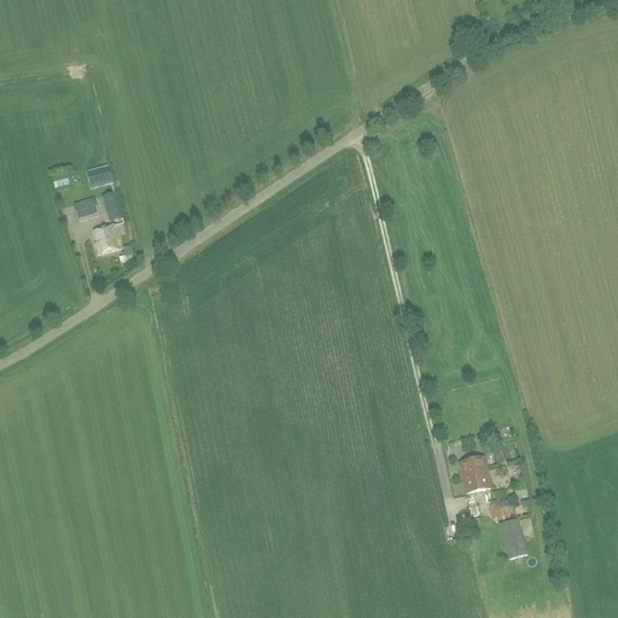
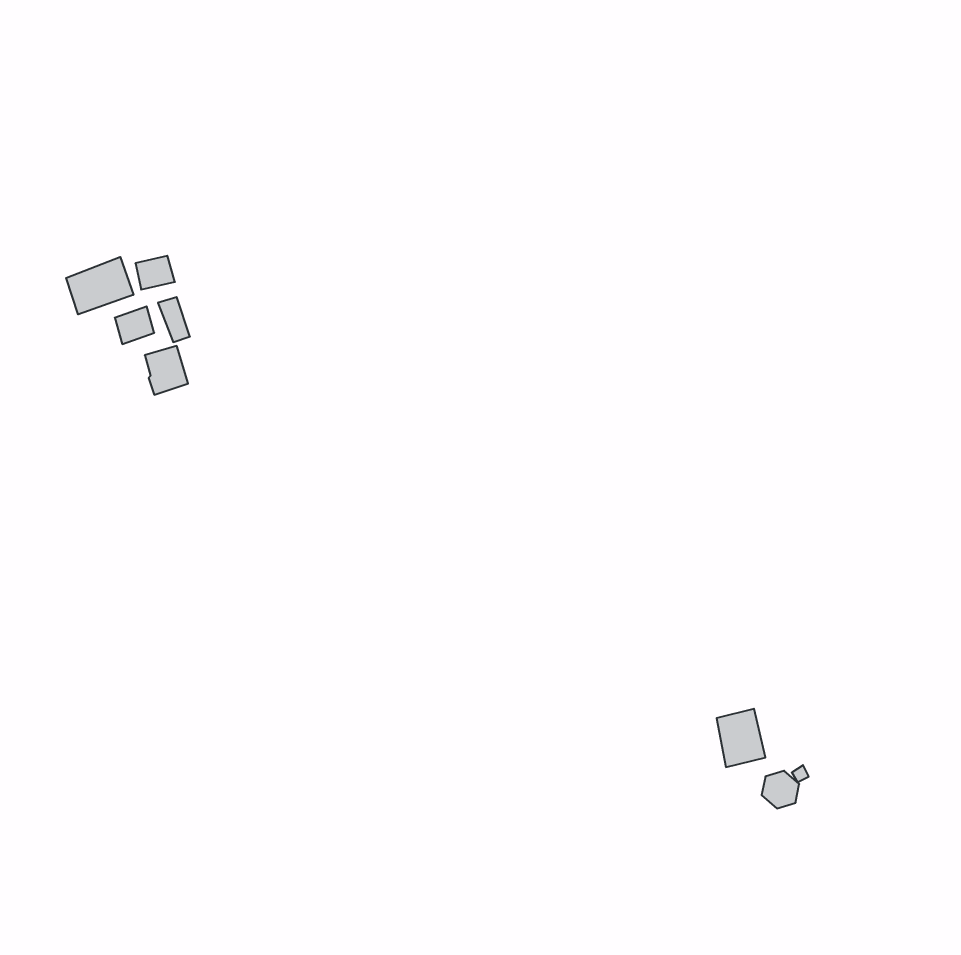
building: none -> [66,257,133,314]
building: [500,518,527,558] -> none

